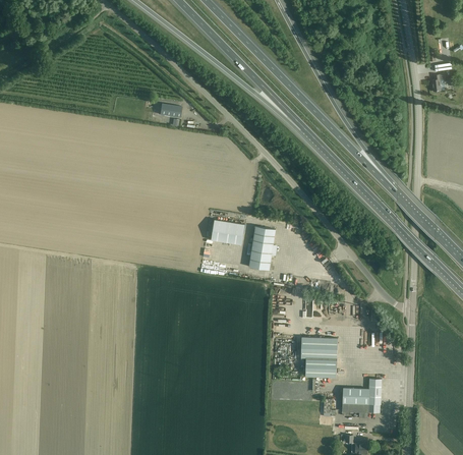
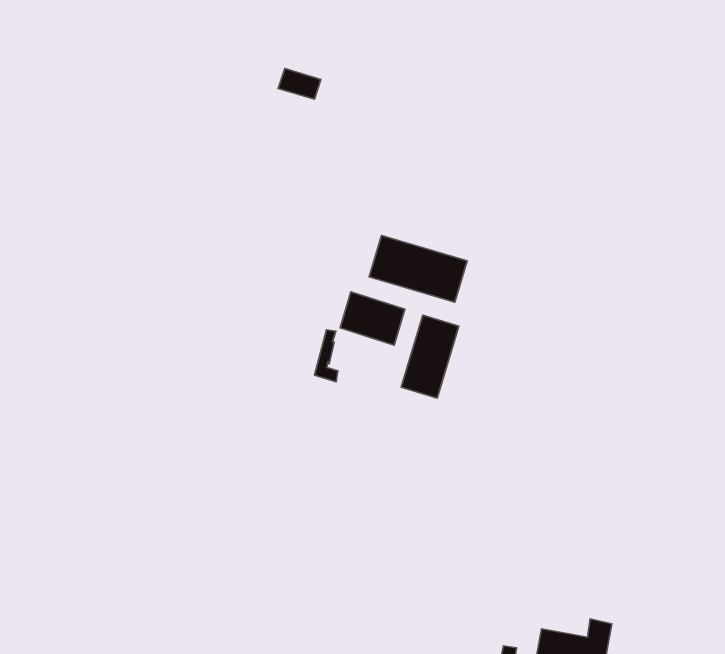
building: none -> [369,236,467,302]
building: [300,338,337,378] -> none

